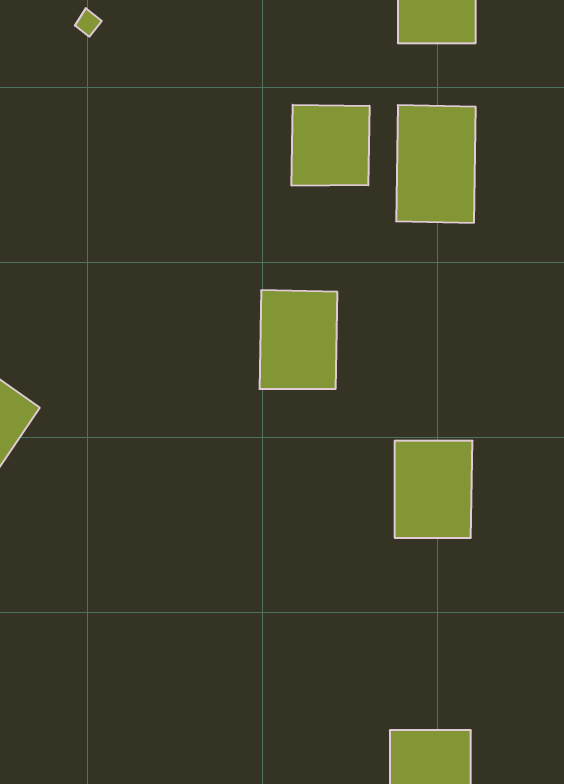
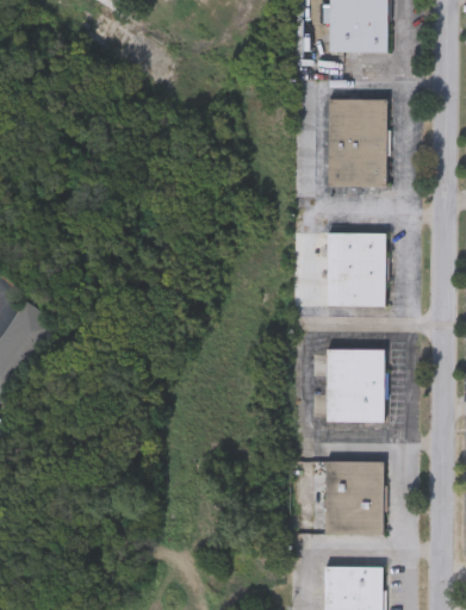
building: [292,105,369,186] -> none
building: [259,290,337,389] -> [328,232,386,306]
building: none -> [325,461,384,535]

